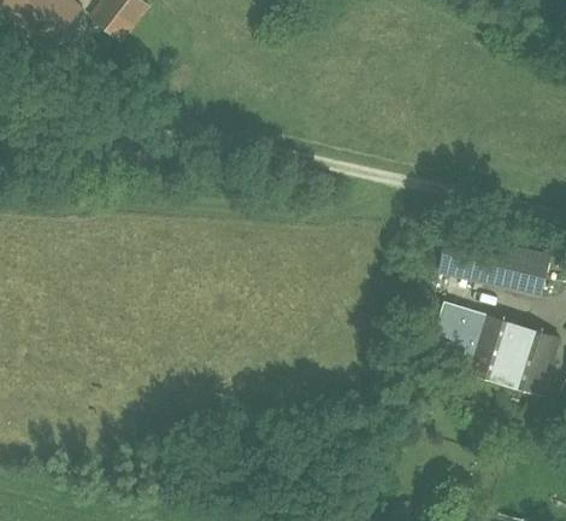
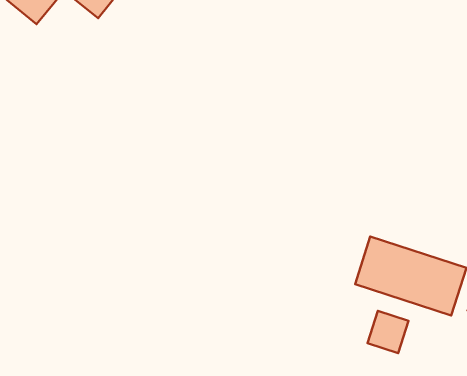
building: [438,232,550,295] -> none
building: none -> [368,311,408,353]

